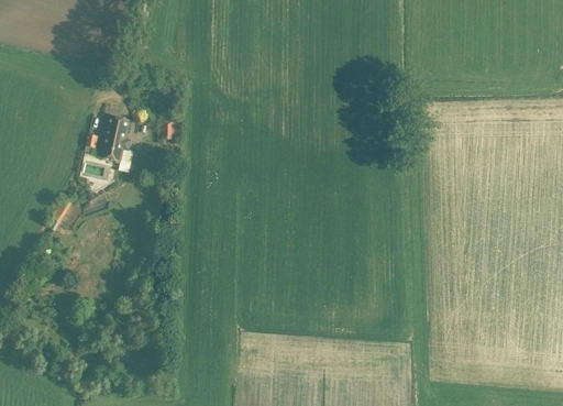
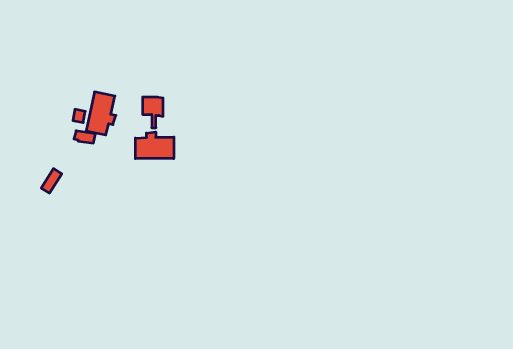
building: none -> [135,132,174,159]

